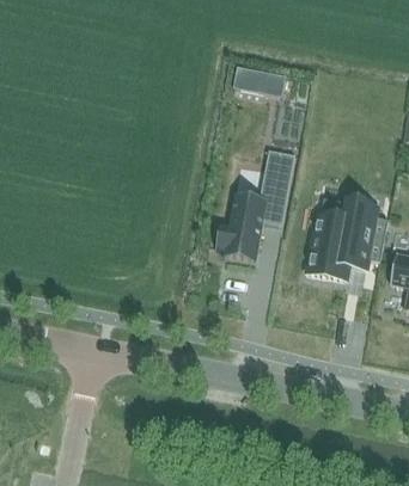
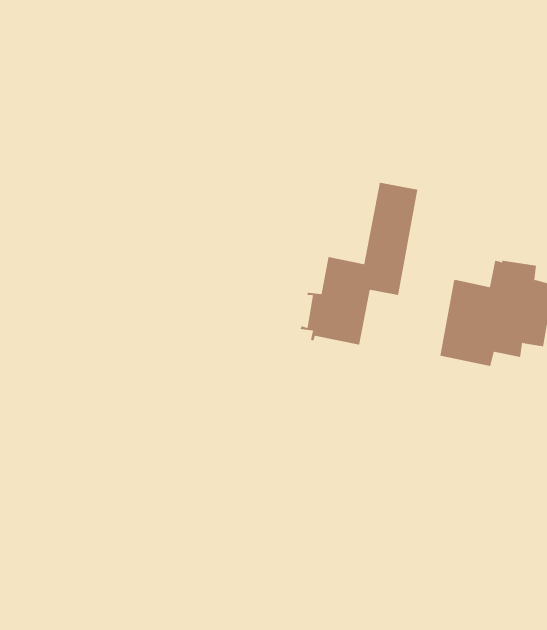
building: [231,63,283,92] -> none

